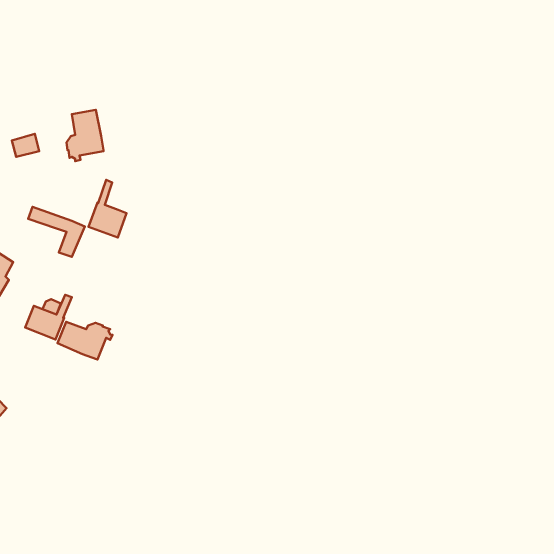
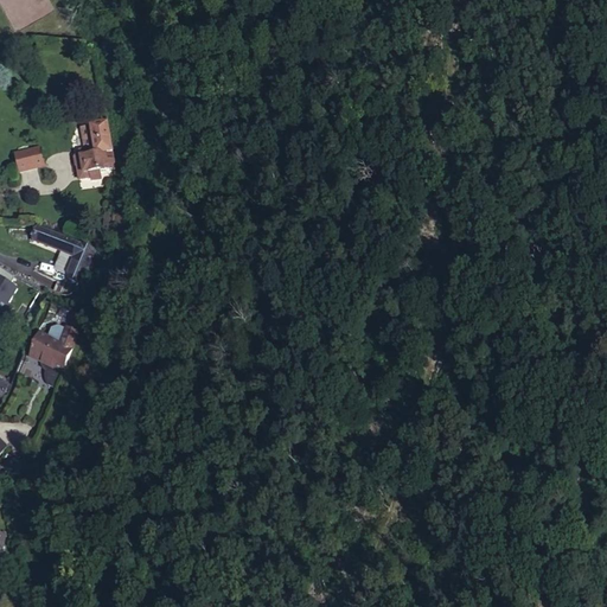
building: [89,180,127,238] -> none
building: [58,322,112,359] -> none

